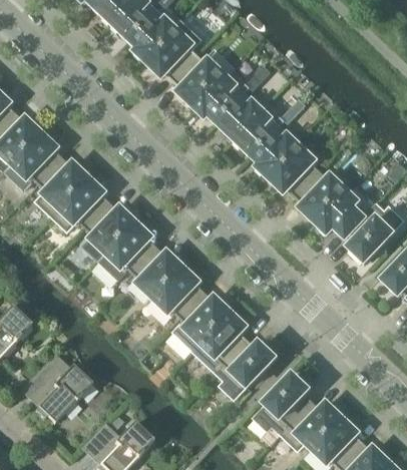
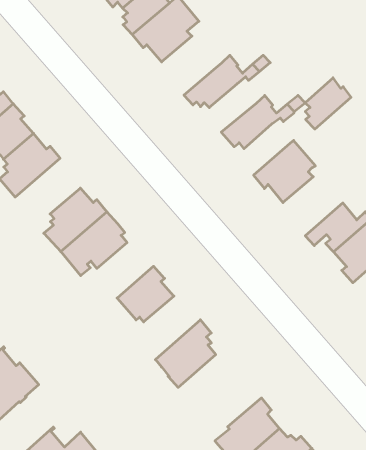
building: [172,55,227,109] -> none
building: [220,94,262,139] -> none
building: [255,127,296,175] -> [305,78,351,129]
building: [295,171,349,225] -> none
building: [52,177,110,231] -> none
building: [132,248,183,299] -> none
building: [173,292,231,351] -> none
building: [217,341,275,399] -> none

